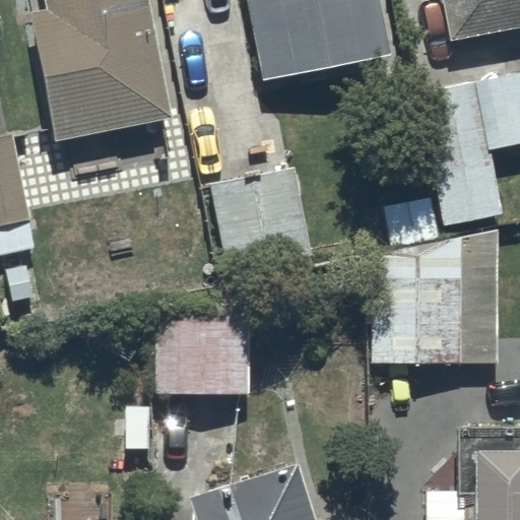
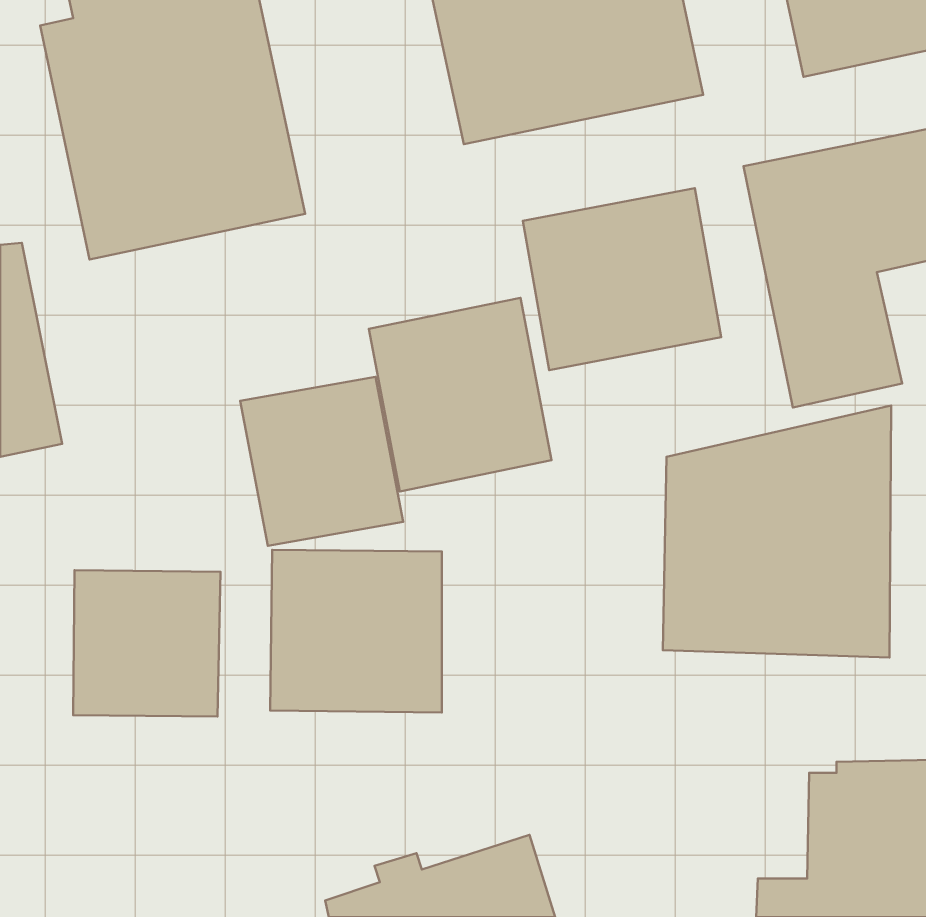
building: none -> [523,188,721,370]
building: none -> [240,377,403,546]
building: none -> [73,570,221,717]

